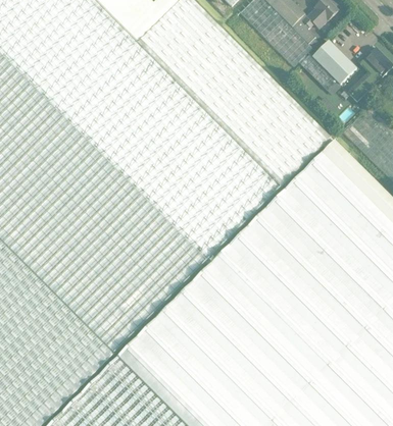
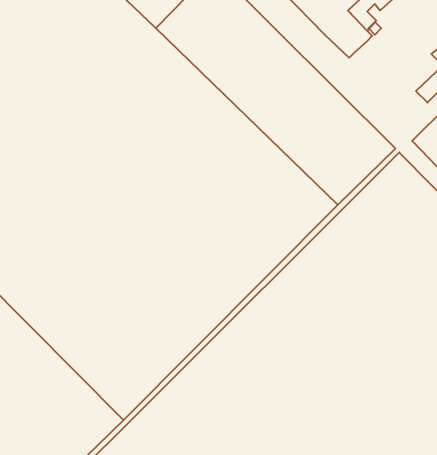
building: [298,41,356,92] -> none

